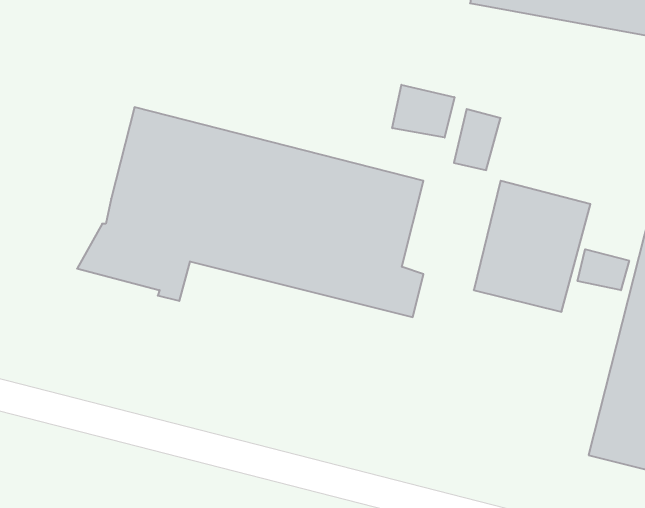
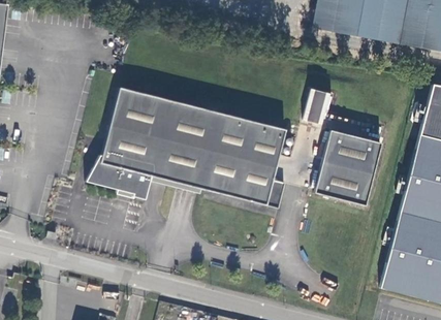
building: [392,85,454,138] -> none
building: [578,249,629,290] -> none

